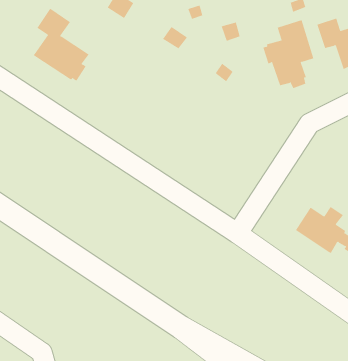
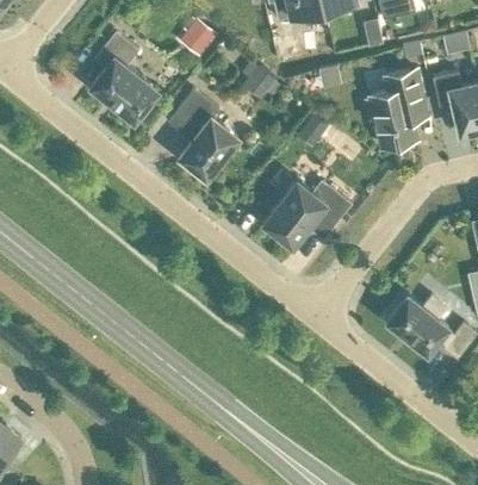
building: none -> [172,88,238,178]
building: none -> [263,179,350,250]

